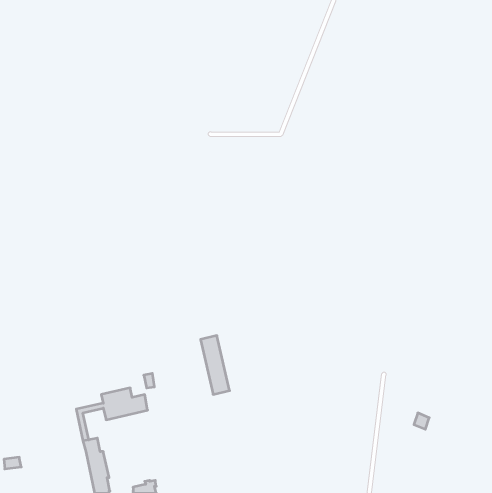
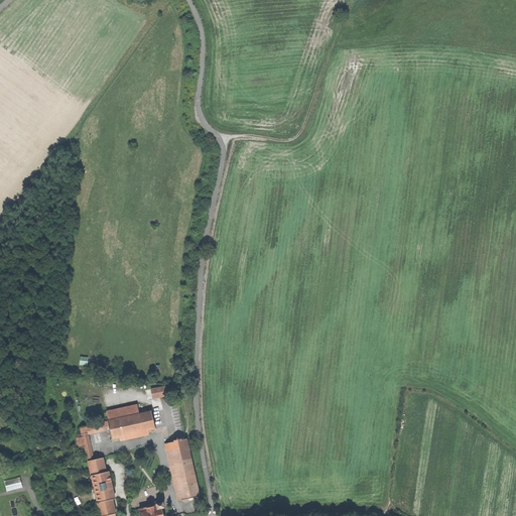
building: [201,336,230,394] -> [168,438,199,500]

